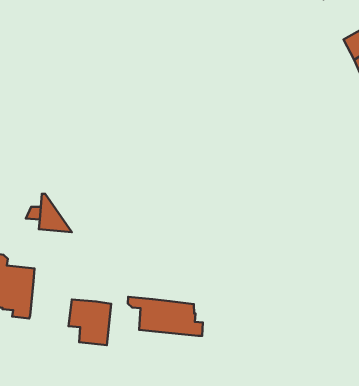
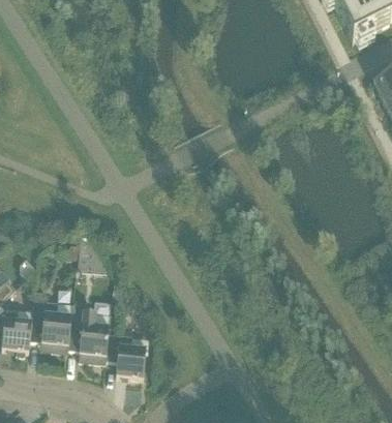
building: none -> [67,304,110,363]
building: [128,297,203,336] -> none

